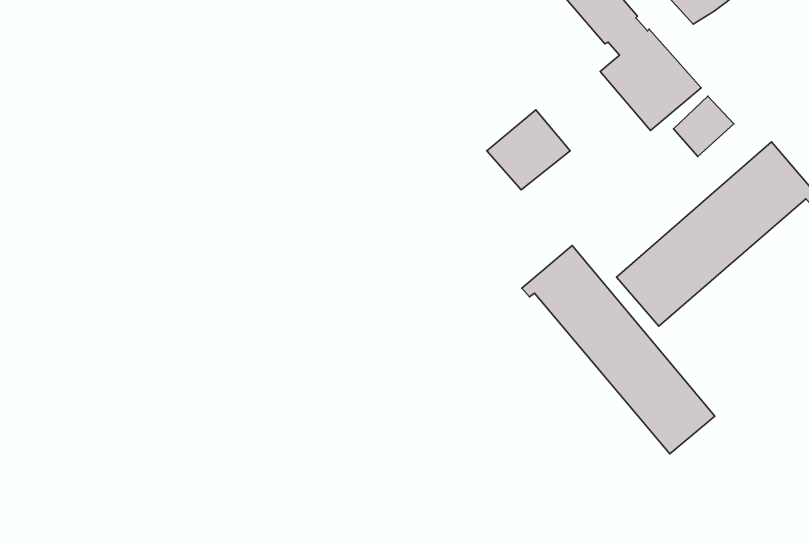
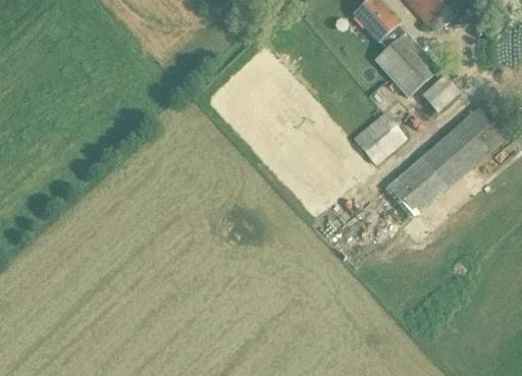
building: [487,110,570,190] -> [354,113,406,163]
building: [522,245,715,454] -> none

